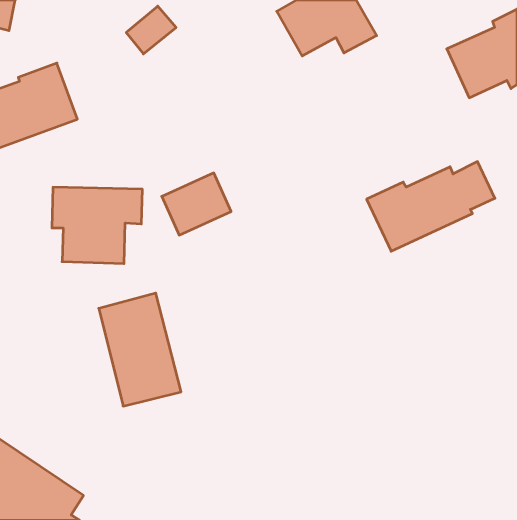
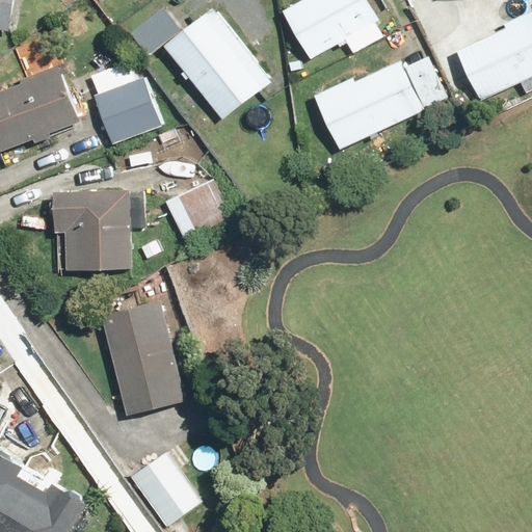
building: none -> [164,10,267,118]
building: none -> [90,58,161,143]
building: [367,162,495,251] -> [314,56,445,148]
building: none -> [130,447,201,526]

